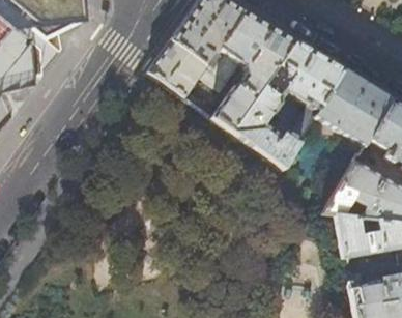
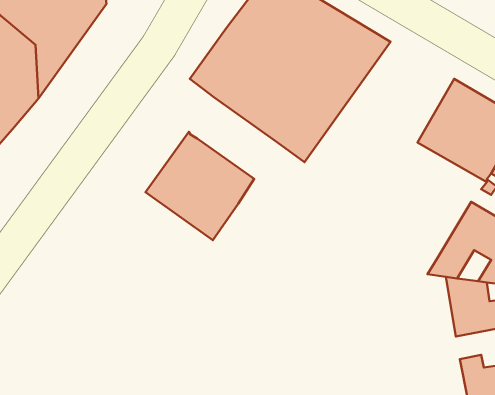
building: [232,40,342,167] -> none
building: none -> [146,132,254,240]

